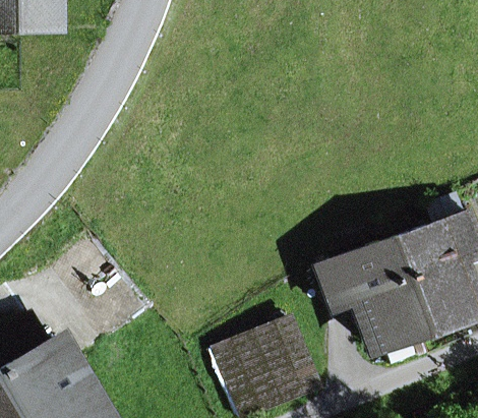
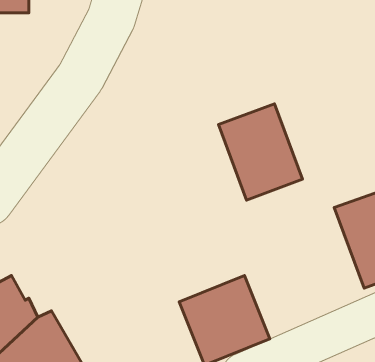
building: none -> [218,104,303,200]
building: [317,241,425,349] -> none

